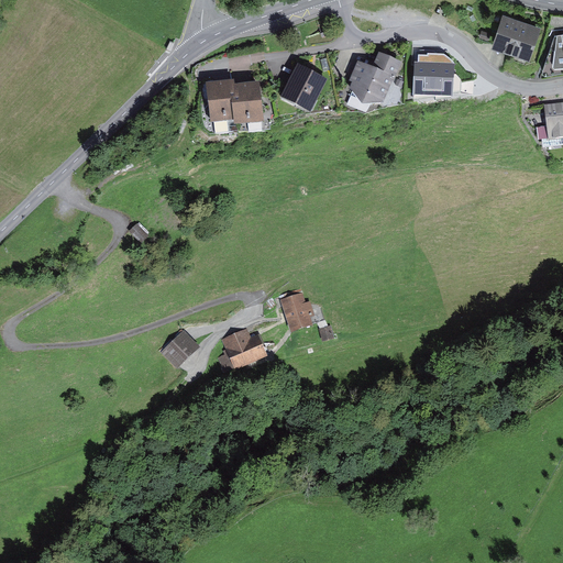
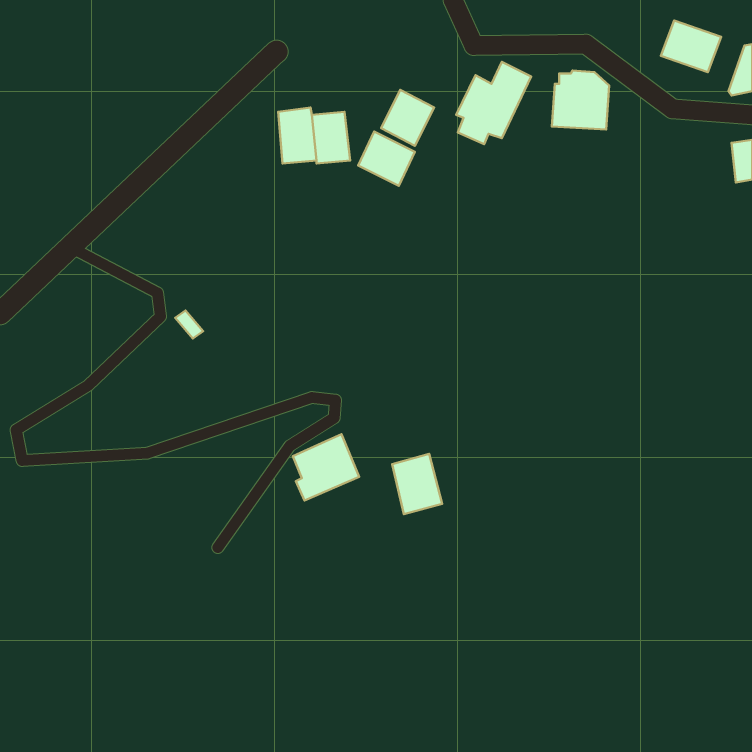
building: none -> [358,132,415,186]
building: [280,286,318,331] -> [392,454,442,514]
building: [161,322,205,364] -> none

